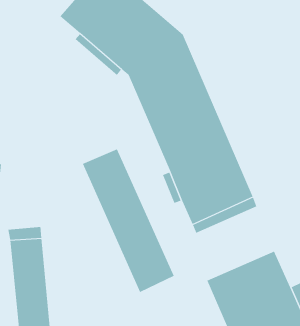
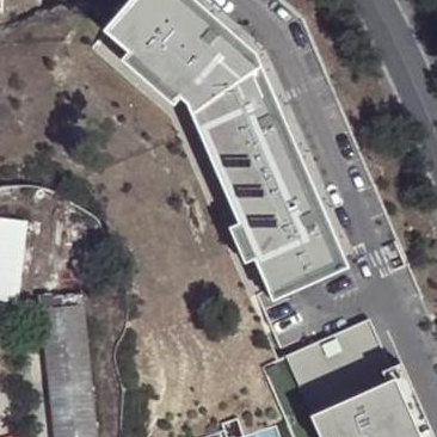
building: [82,149,175,293] -> none

